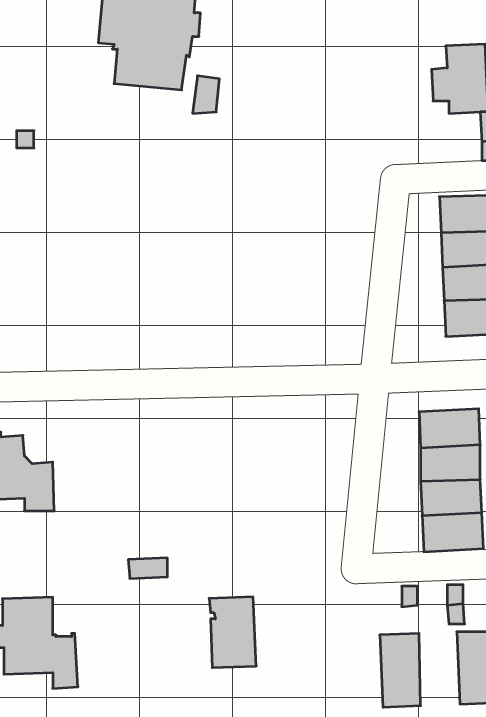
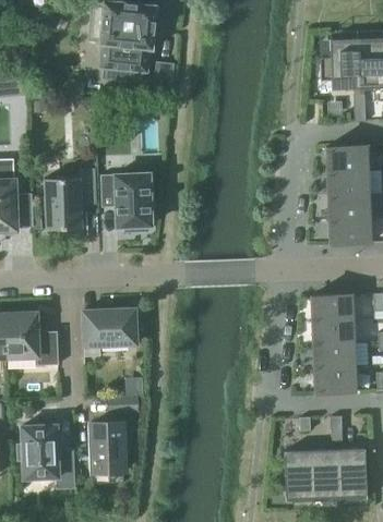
building: none -> [101,168,152,232]
building: none -> [44,169,97,230]
building: none -> [83,309,142,356]
building: [209,597,256,668] -> [92,423,124,472]
building: none -> [312,449,340,500]

